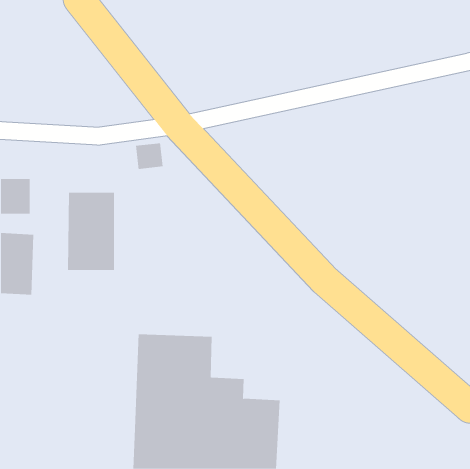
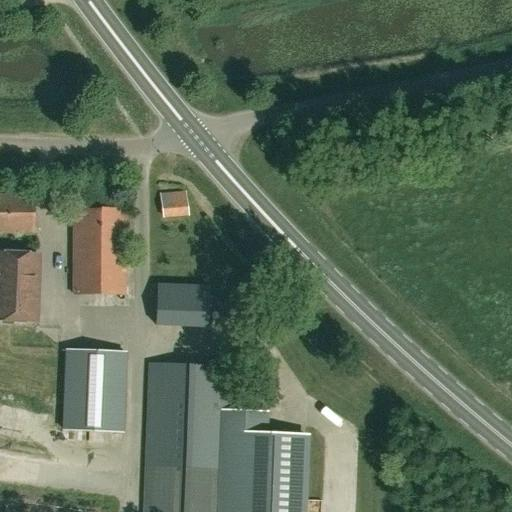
building: [135,143,164,169] -> [158,189,189,218]
building: none -> [155,283,209,325]
building: none -> [64,350,124,432]

